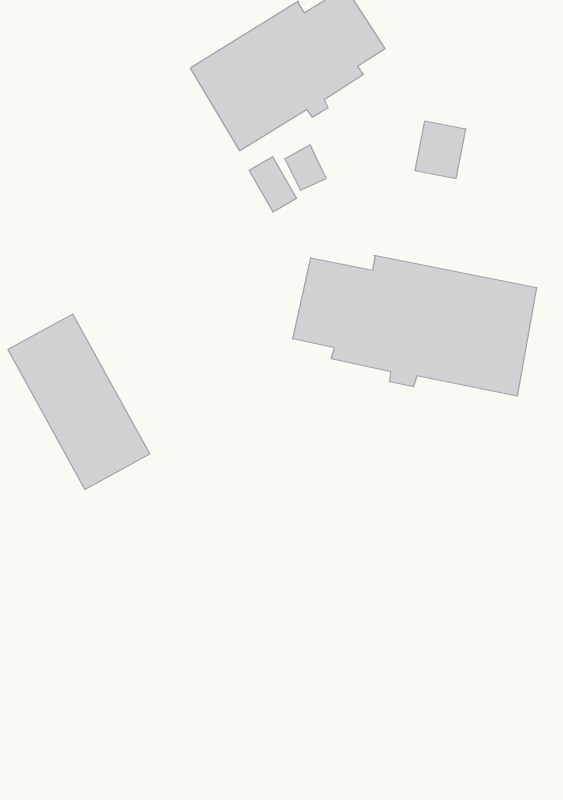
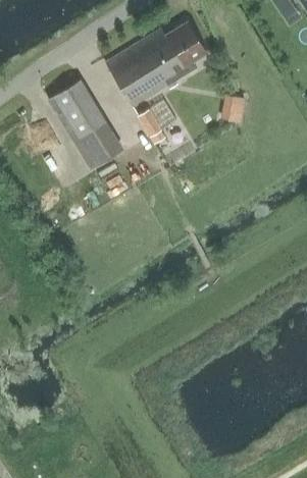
building: [293,255,537,396] -> none
building: [8,314,150,489] -> [50,76,123,167]

